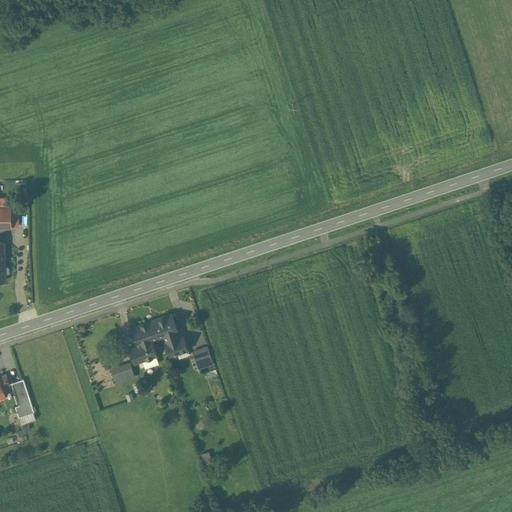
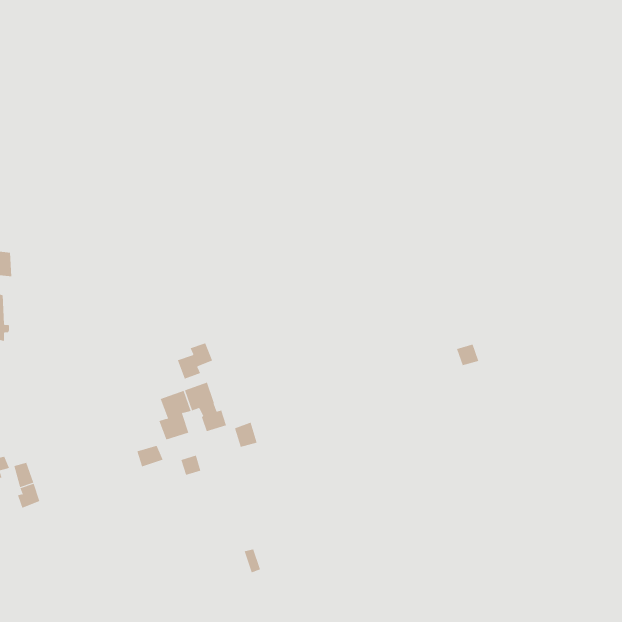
building: none -> [177,342,213,380]

